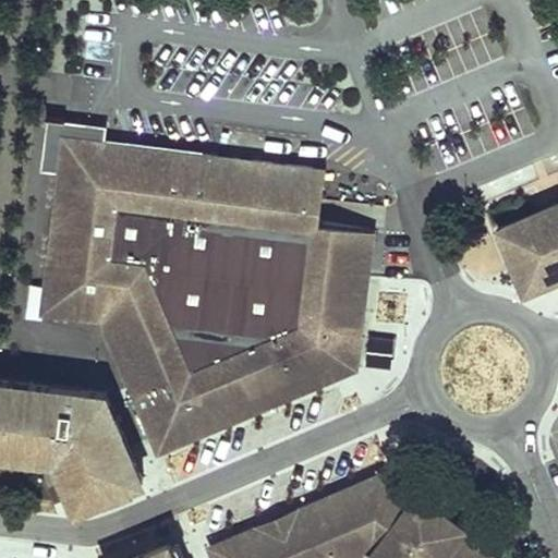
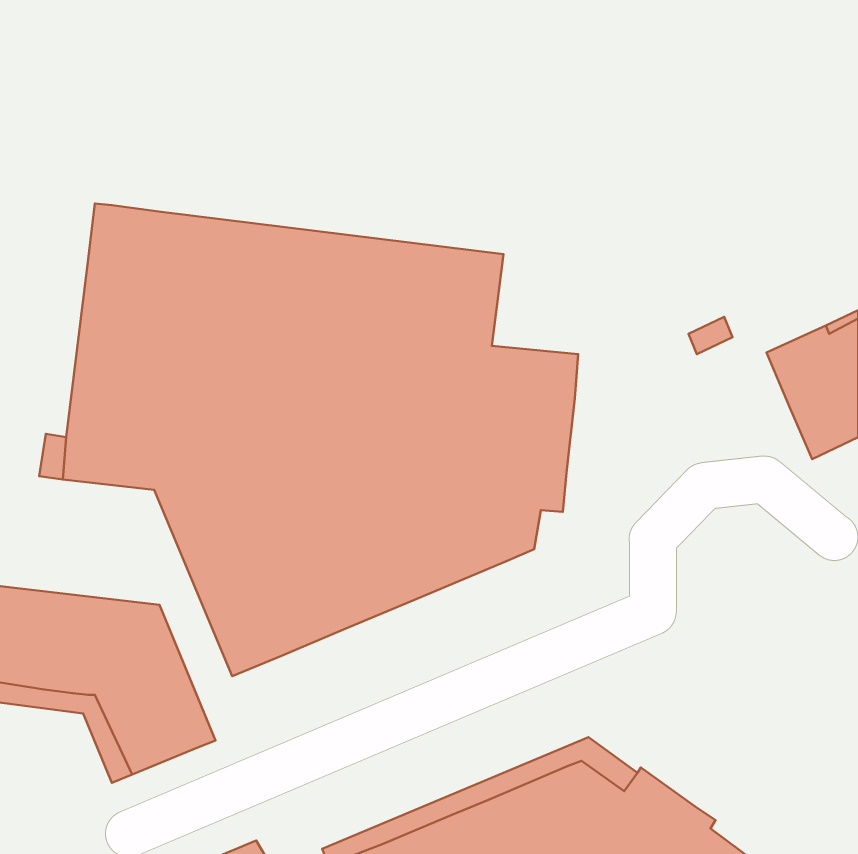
building: [38,119,106,174] -> none
building: [149,336,362,457] -> none

